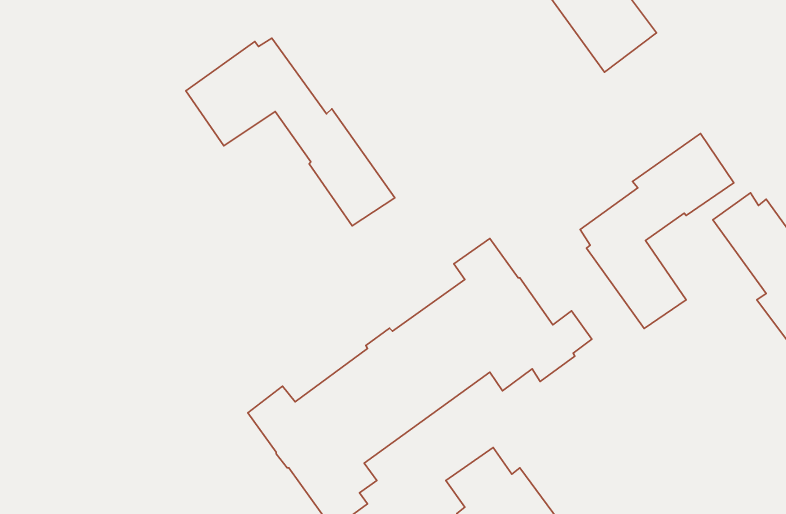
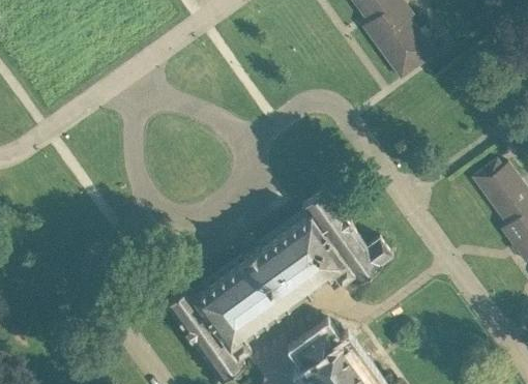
building: [186,38,395,226] -> none
building: [580,134,734,329] -> none

